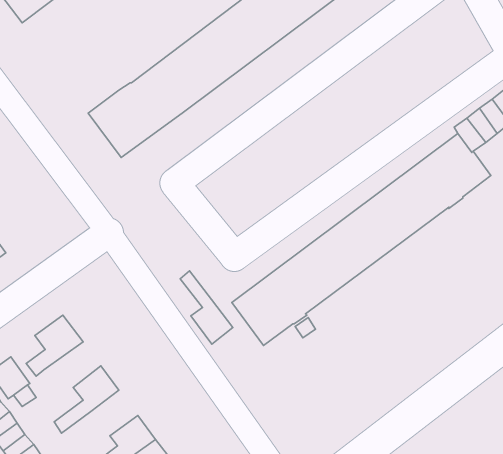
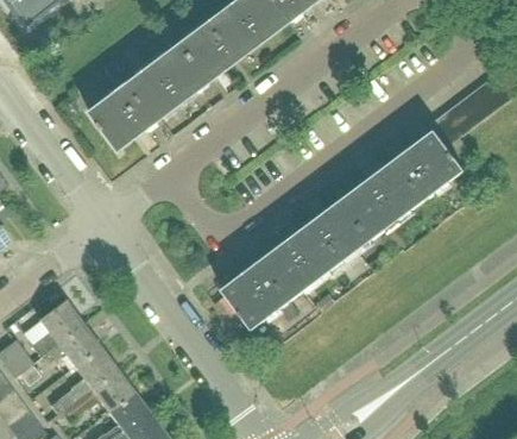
building: [180,271,233,344] -> none
building: none -> [45,324,99,366]
building: none -> [62,369,133,418]

